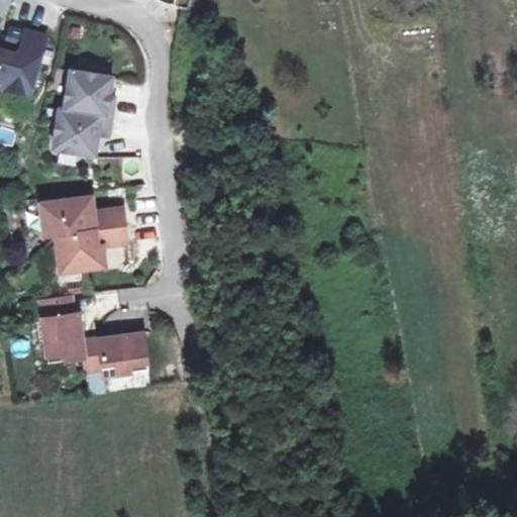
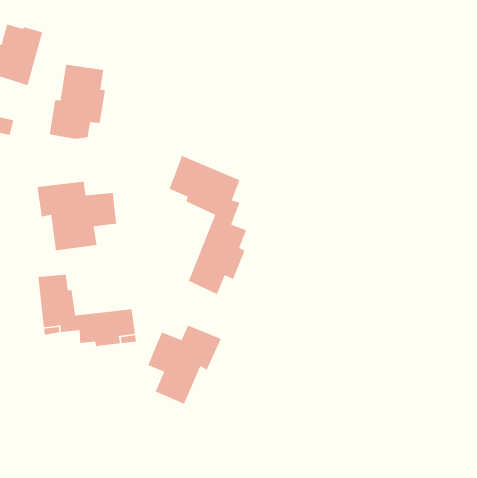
building: none -> [169,155,247,295]
building: none -> [147,324,222,405]

